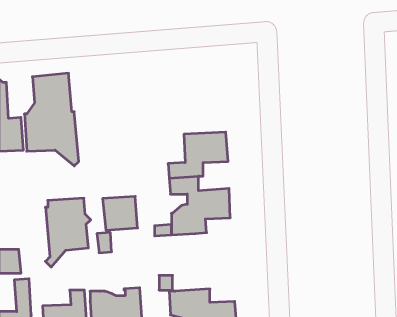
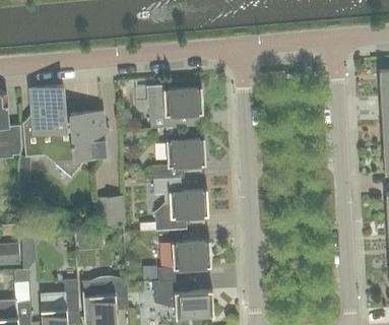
building: none -> [147,85,202,129]
building: [45,198,91,267] -> [67,112,108,174]
building: none -> [157,241,210,281]

